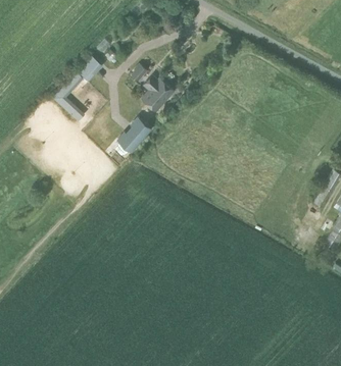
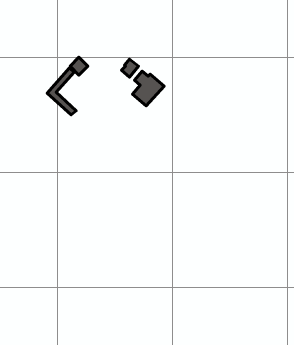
building: [118,117,152,152] -> none

